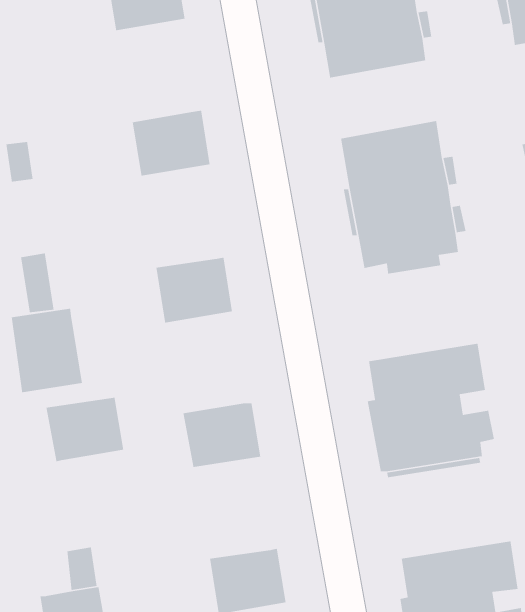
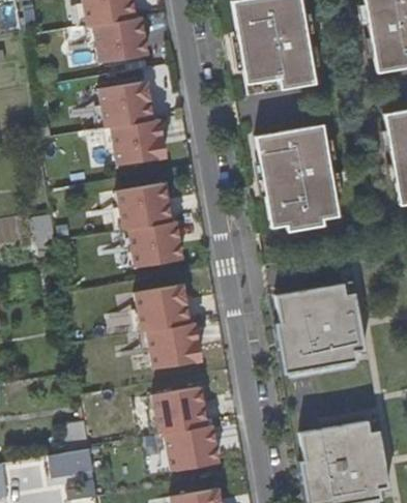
building: none -> [100,81,154,127]
building: none -> [117,183,171,229]
building: [11,308,83,393] -> none
building: [45,397,124,462] -> [136,285,191,330]
building: none -> [153,386,208,432]

